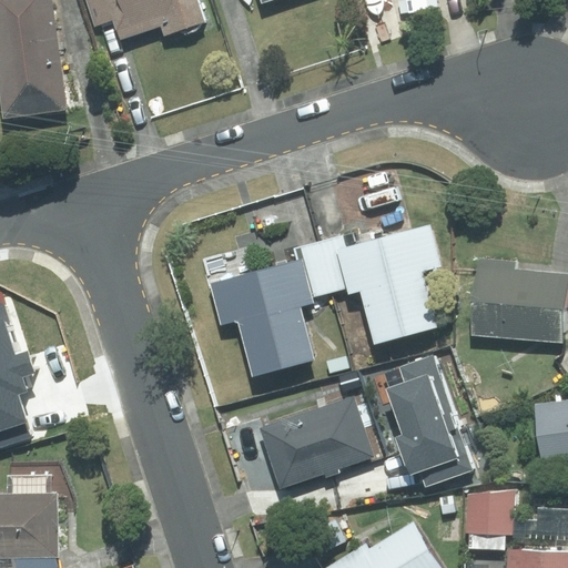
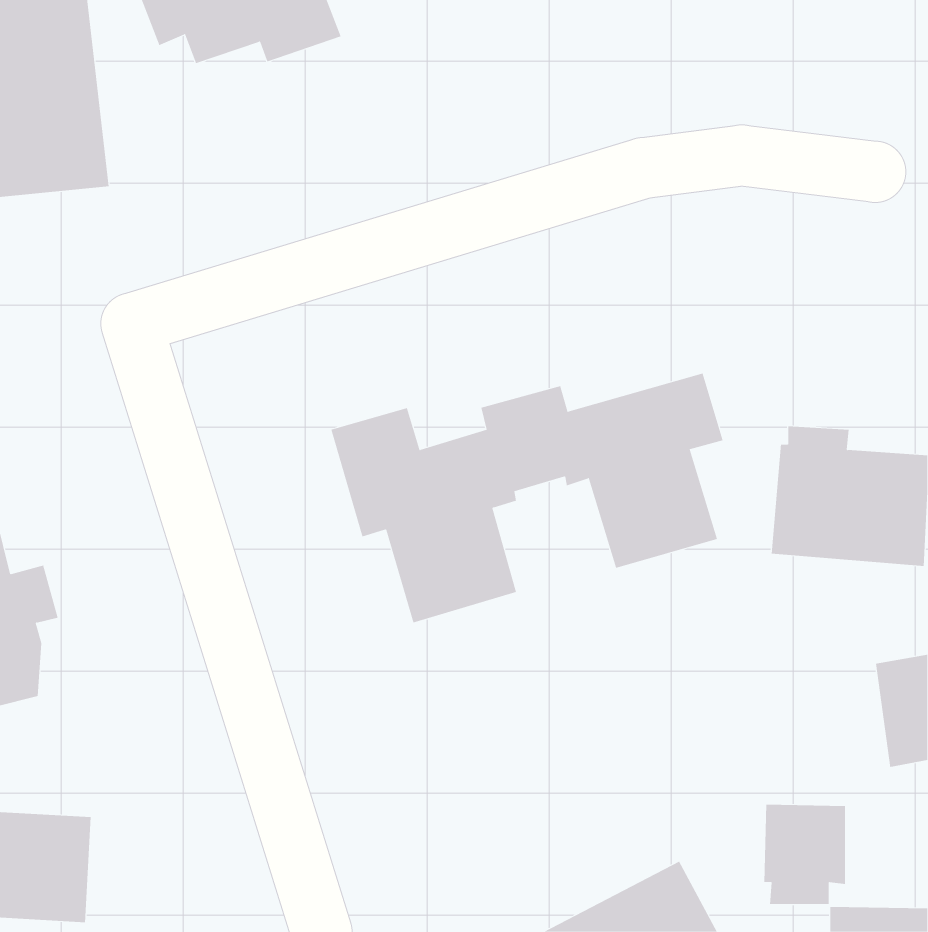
building: [387,357,473,485] -> none
building: [258,394,392,510] -> none

